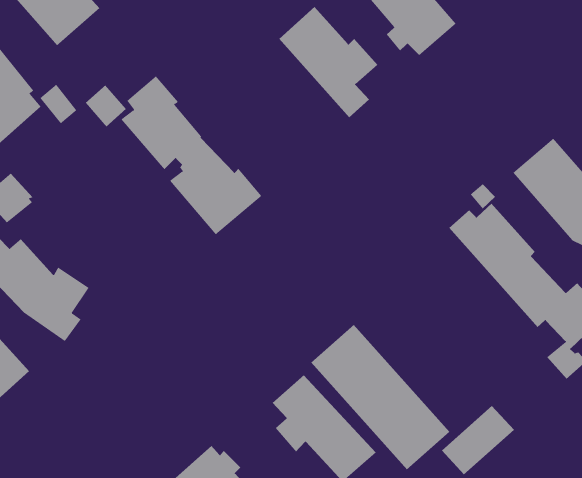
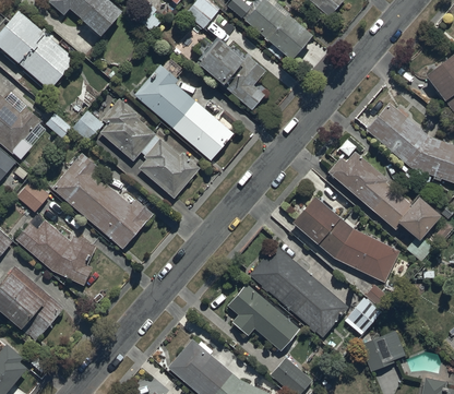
building: none -> [134,65,234,162]
building: none -> [50,154,152,249]
building: none -> [292,196,399,283]

